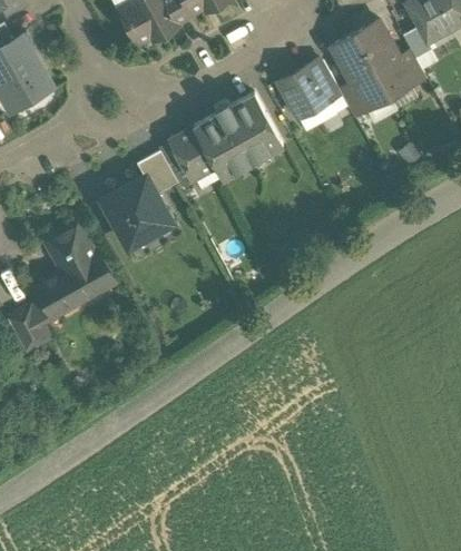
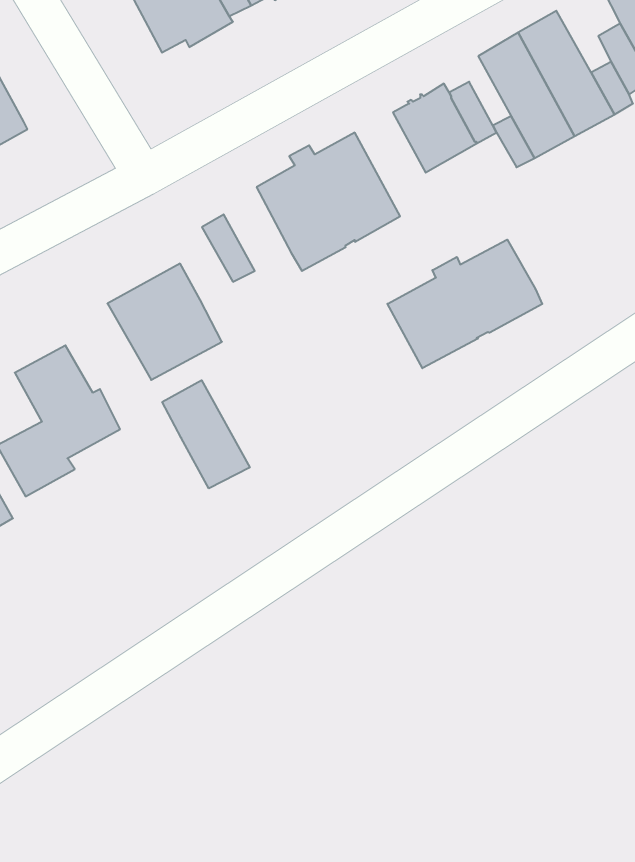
building: [170,128,215,180] -> none
building: [140,152,179,197] -> none
building: none -> [387,240,542,368]
building: none -> [162,380,250,488]

